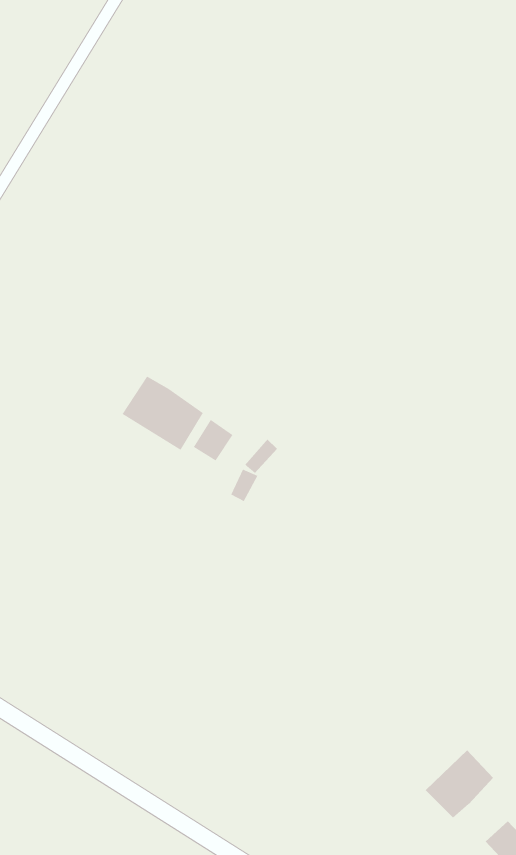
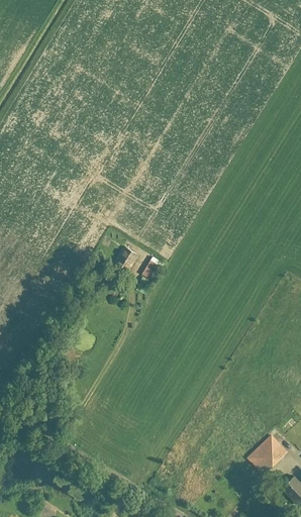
building: [122,376,204,451] -> none

